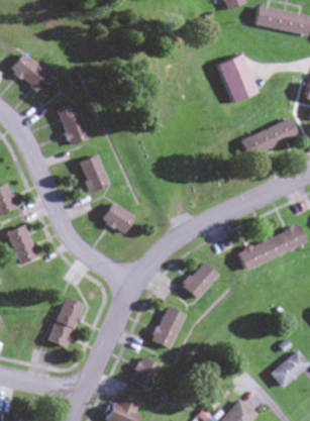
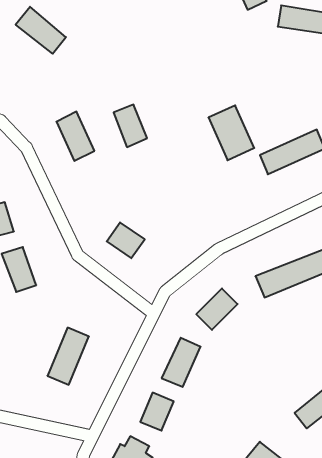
building: [10,52,56,95] -> [16,7,66,54]
building: [217,54,259,103] -> [208,105,254,160]
building: [79,154,109,193] -> [114,105,147,147]

